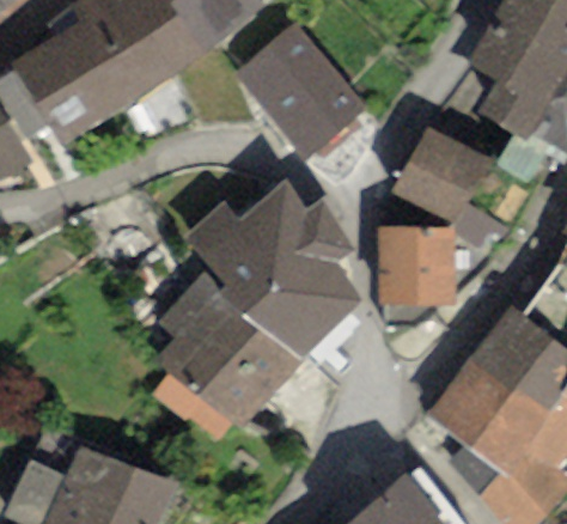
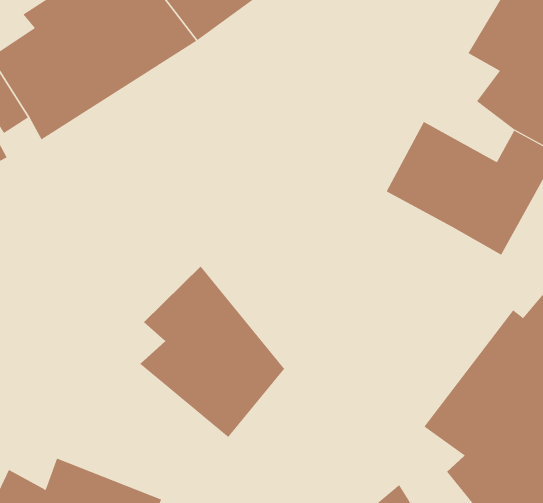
building: [232,23,365,160] -> none
building: [188,179,367,361] -> none
building: [376,226,453,303] -> none

